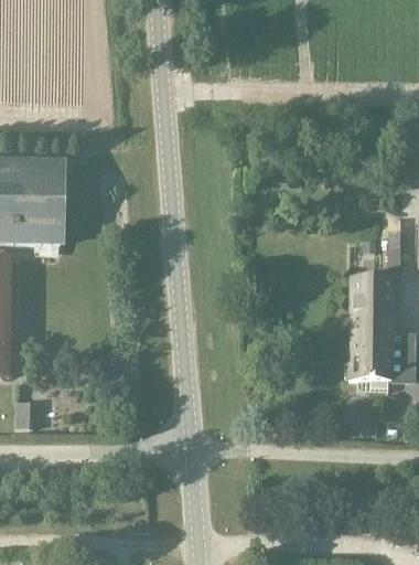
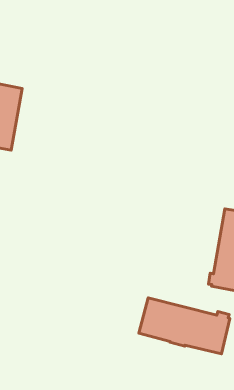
building: none -> [139,298,230,354]

